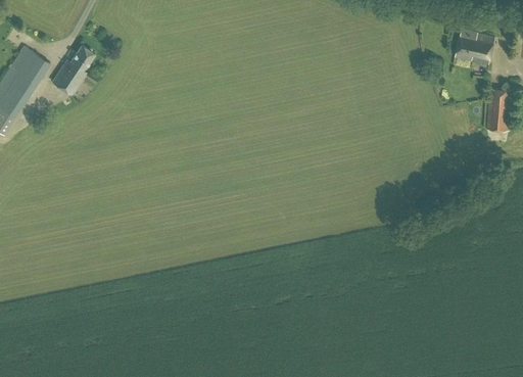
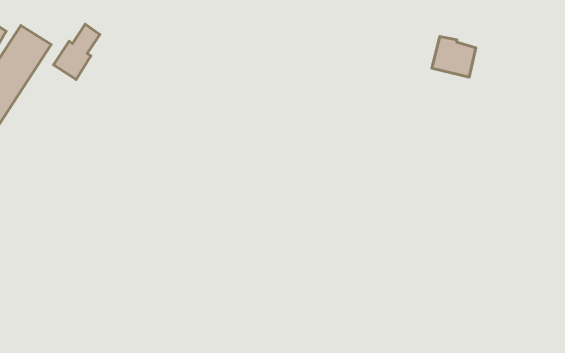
building: [454,29,493,65] -> [432,37,476,77]
building: [485,89,510,131] -> none

